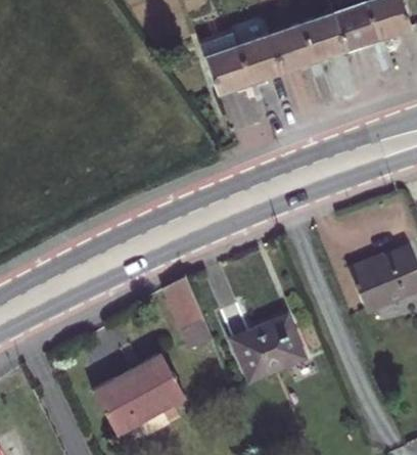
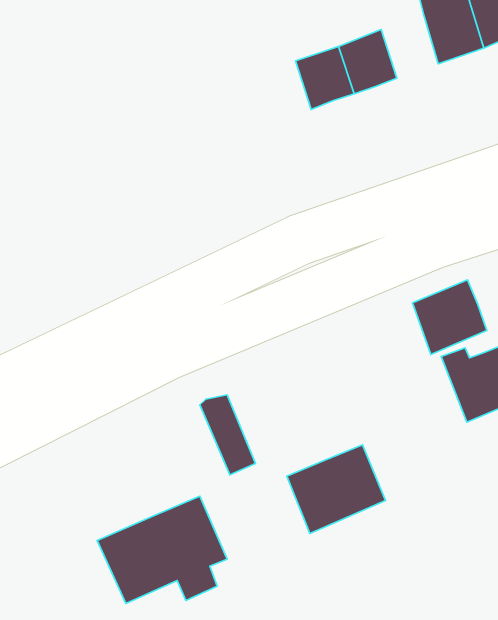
building: [303,14,343,59] -> none
building: [199,35,252,94] -> none
building: none -> [413,280,487,355]

